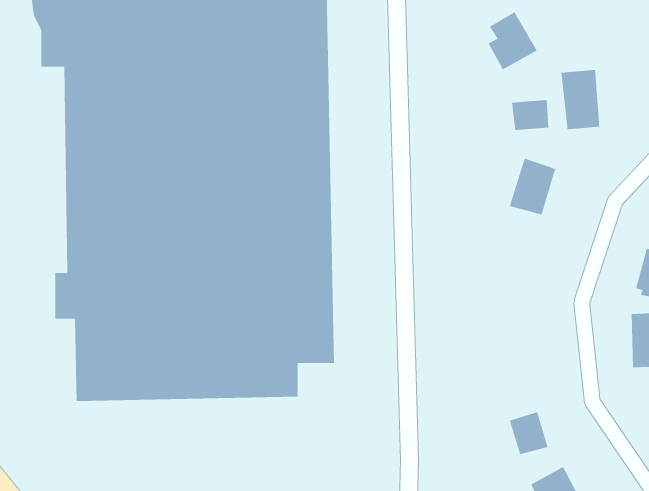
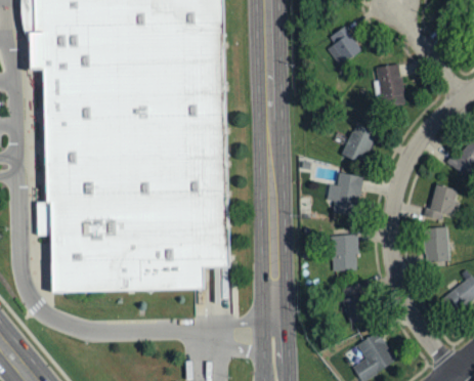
building: [511,99,549,131] -> none
building: none -> [328,173,363,217]
building: none -> [332,236,358,272]

